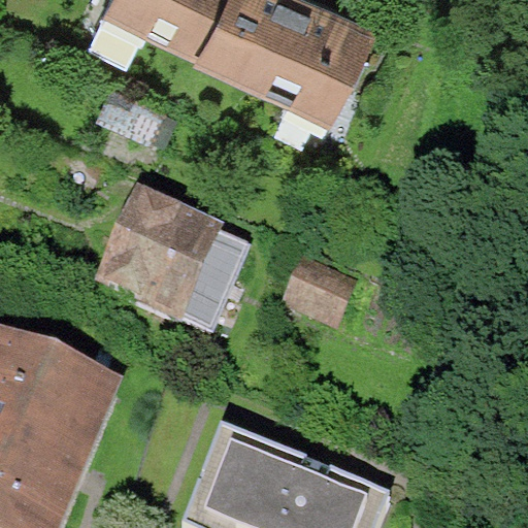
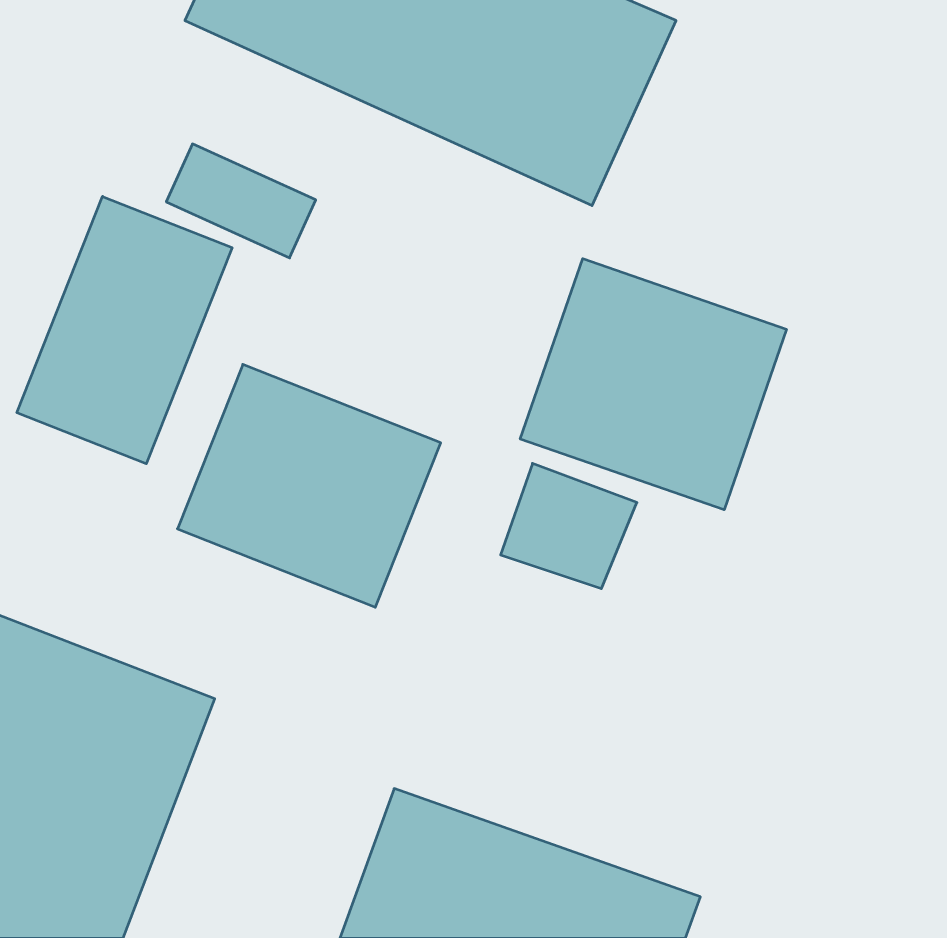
building: none -> [17,196,232,464]
building: none -> [520,259,786,510]

